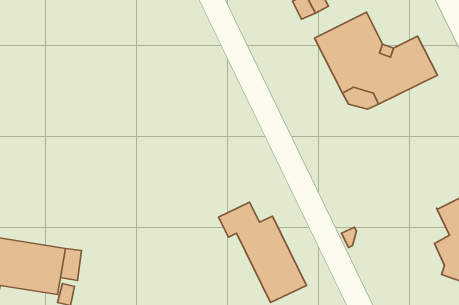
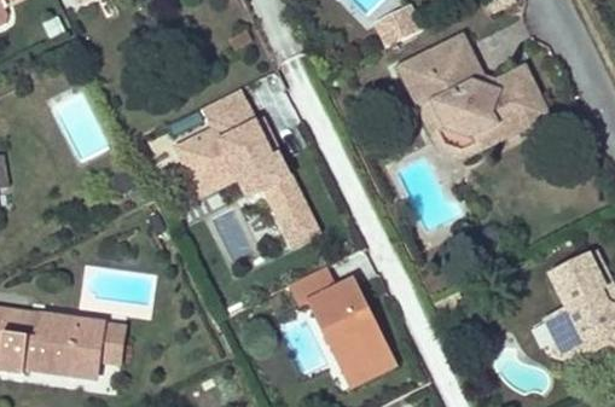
building: none -> [174,86,317,242]

